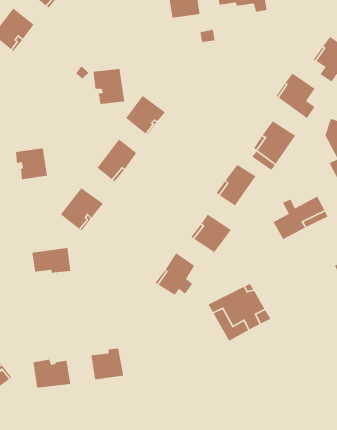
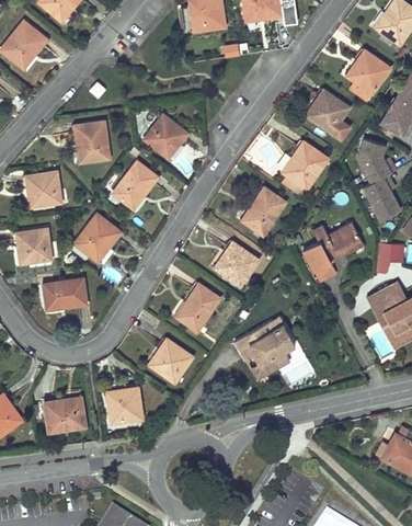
building: [93,68,125,105] -> [75,122,110,161]
building: none -> [15,228,52,263]
building: none -> [149,339,192,382]

